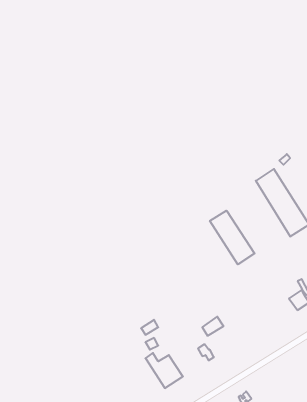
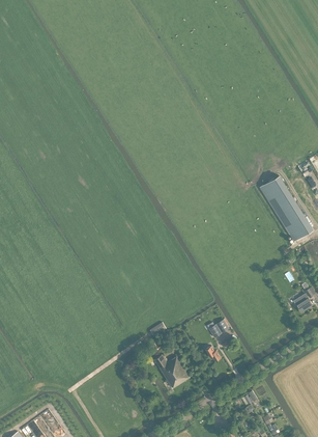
building: [210,211,255,264] -> none

